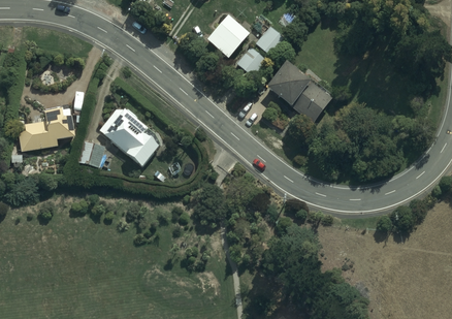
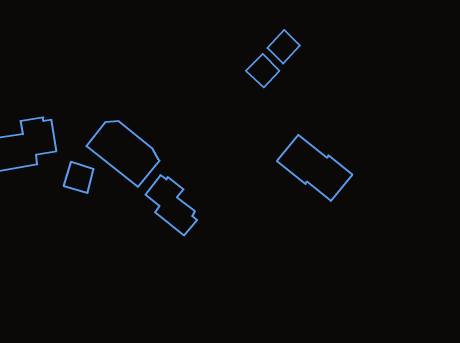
building: [206,18,250,60] -> none
building: [267,63,332,120] -> [277,135,352,201]
building: none -> [145,175,197,235]

